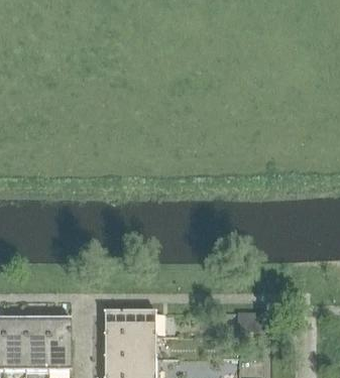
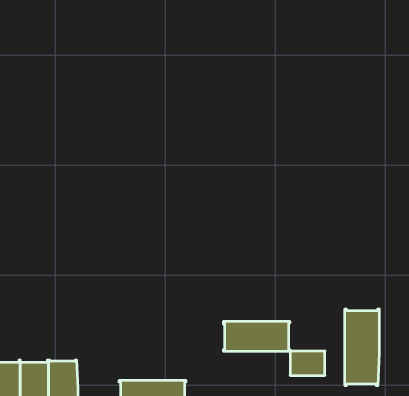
building: none -> [345,309,379,386]
building: [104,310,156,334] -> [223,322,290,351]

